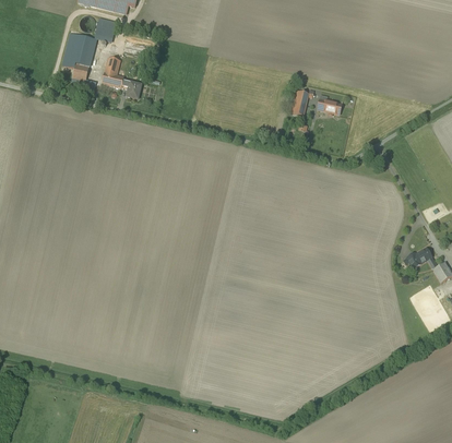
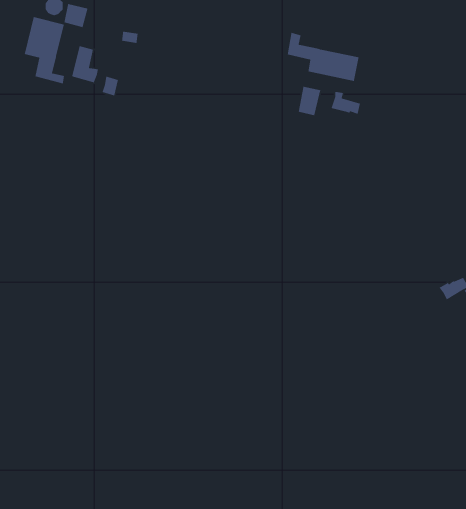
building: none -> [287,32,359,82]

